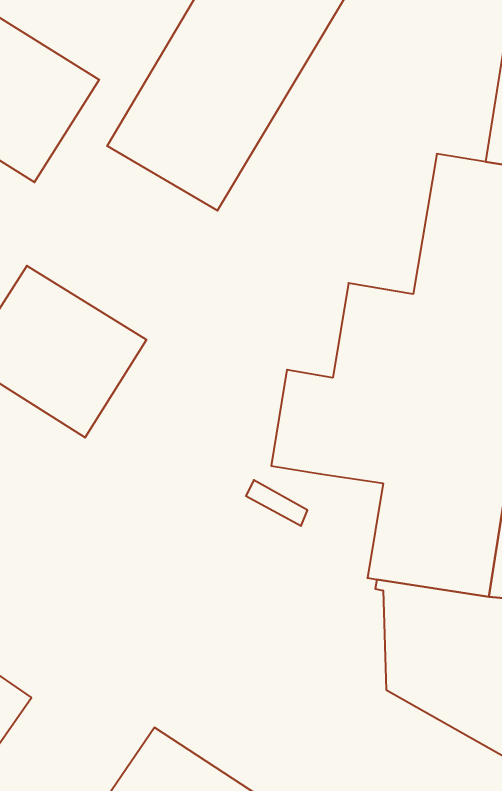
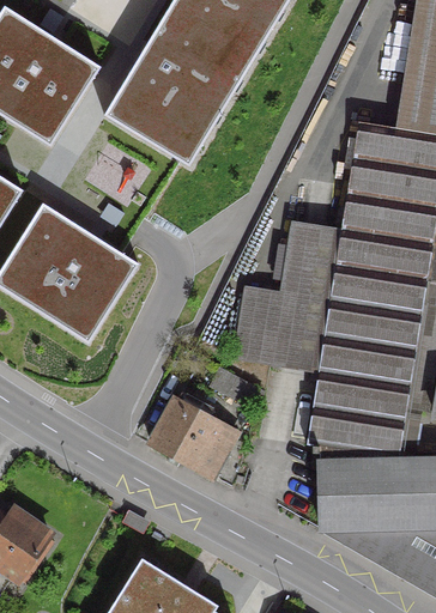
building: none -> [149,392,236,475]

